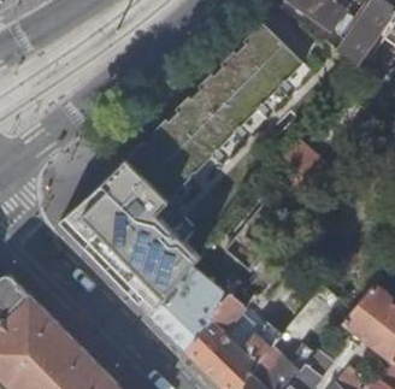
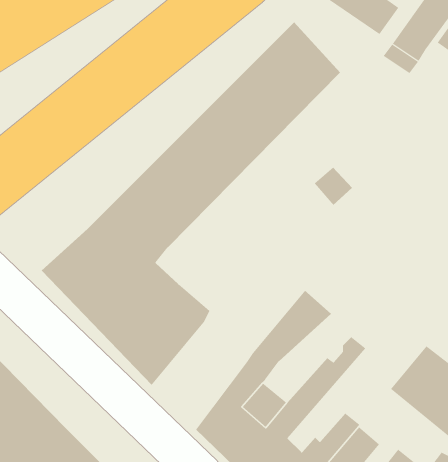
building: [151,265,226,350] -> none

